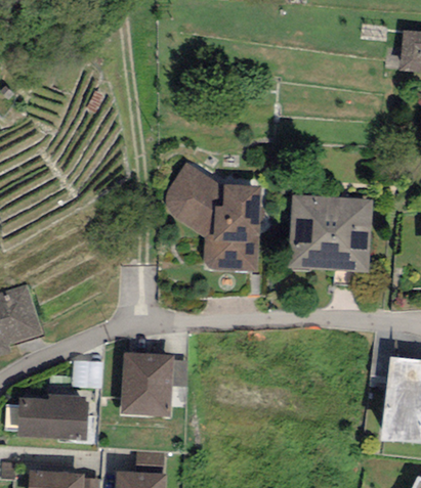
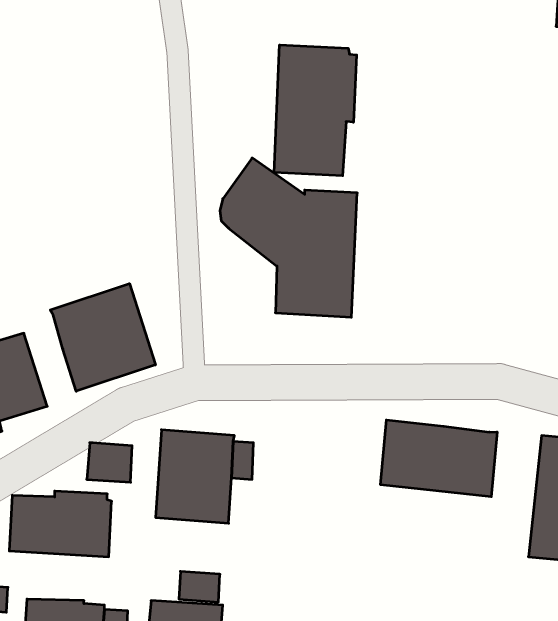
building: none -> [274,45,357,176]
building: [288,194,375,273] -> none
building: none -> [50,284,155,391]
building: none -> [381,420,497,497]

